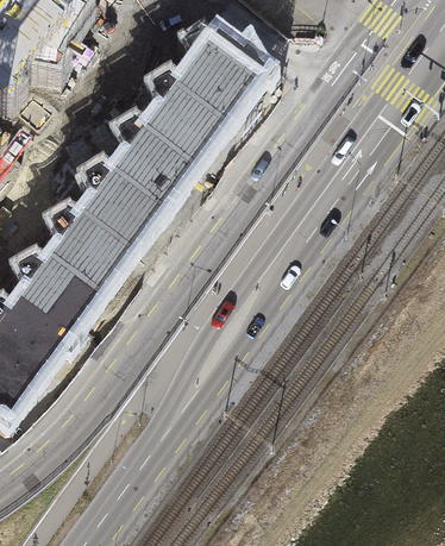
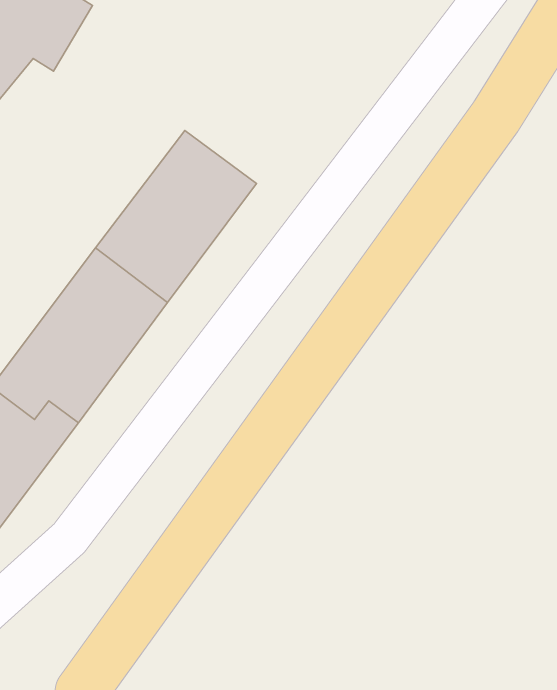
building: [153,25,269,146] -> none

